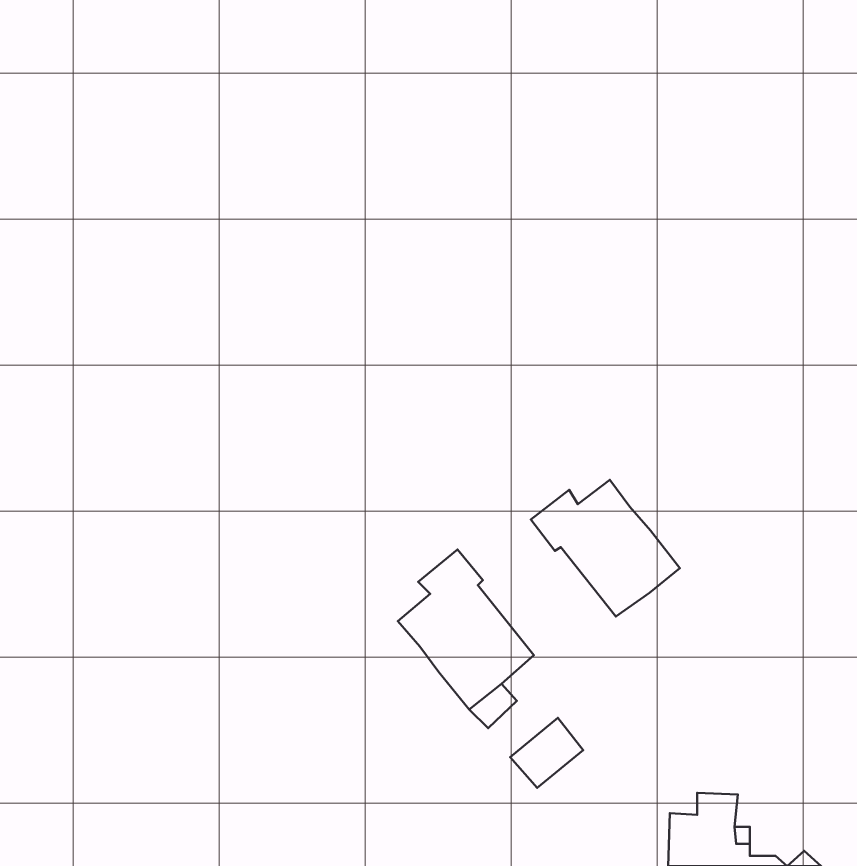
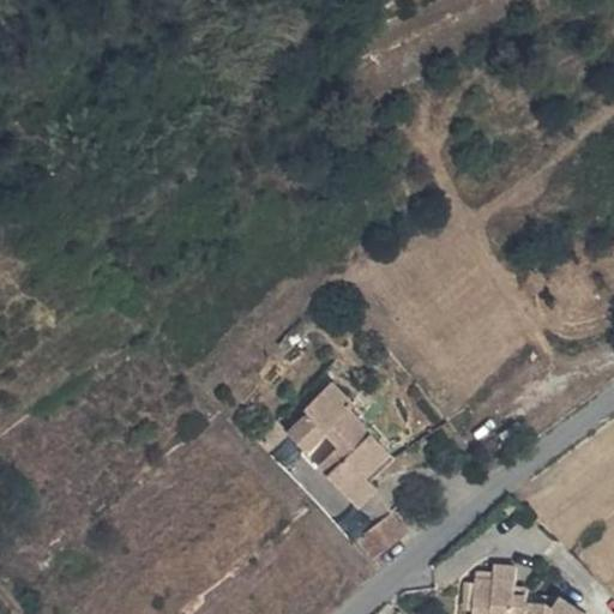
building: [531,480,680,617] -> none

